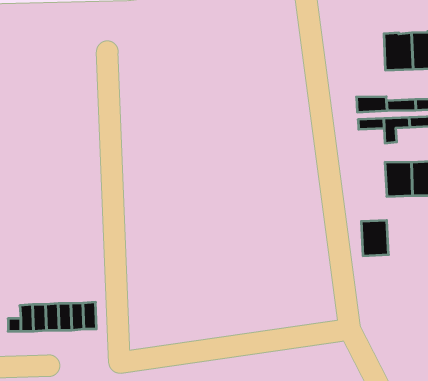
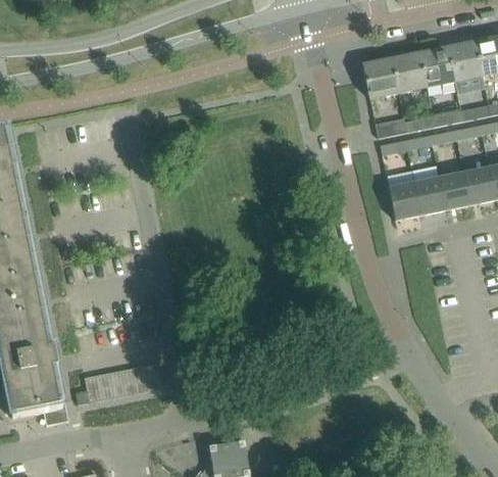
building: none -> [363,57,399,98]
building: [361,220,389,256] -> [389,181,420,219]

